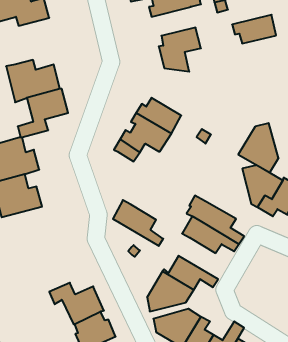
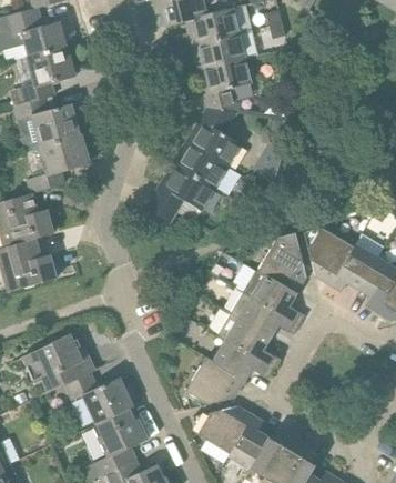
building: [232,15,276,43] -> [192,32,246,68]
building: none -> [19,46,73,103]
building: none -> [192,108,243,167]
building: [238,123,279,172] -> [257,233,307,294]
building: [113,200,163,246] -> [217,312,280,369]
building: none -> [22,333,97,393]

